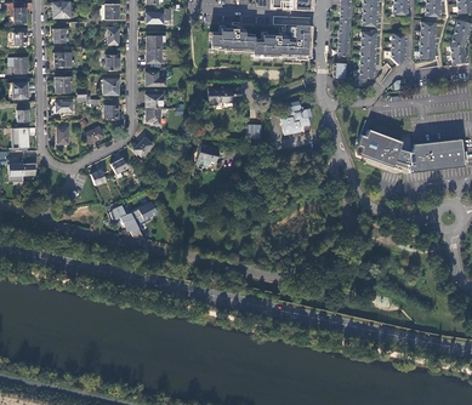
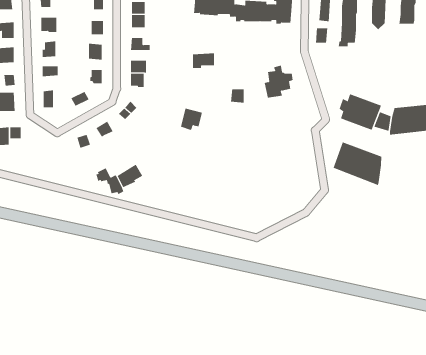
building: none -> [333,141,382,186]

